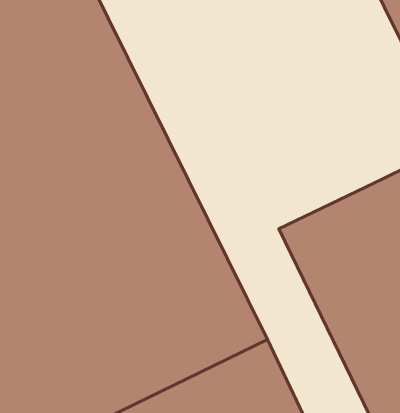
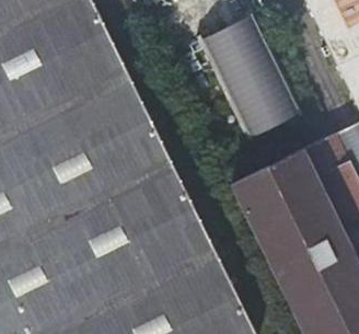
building: none -> [198,13,297,139]

